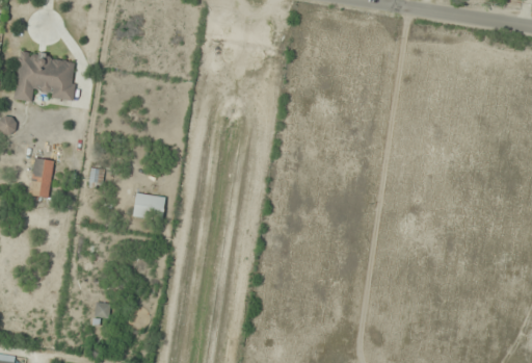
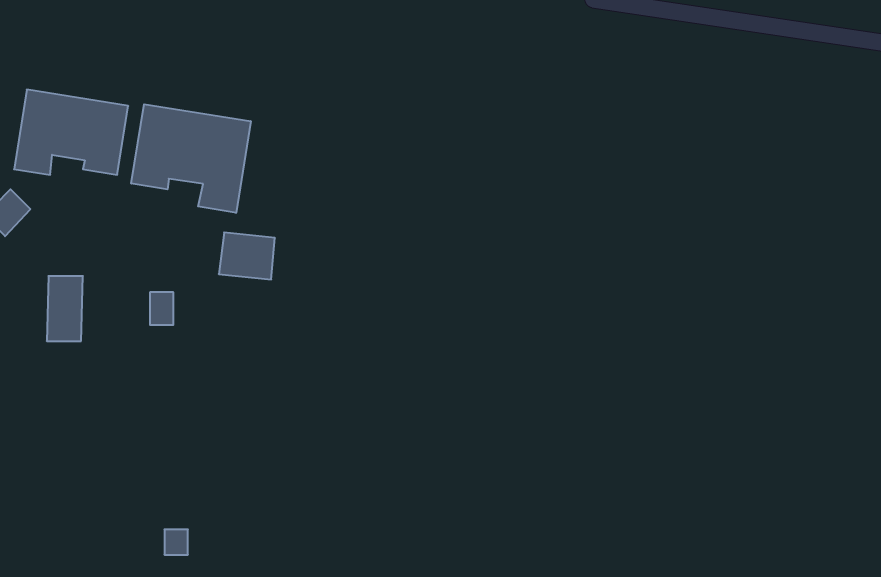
building: none -> [131,104,251,213]
building: [132,193,164,221] -> [219,232,275,279]

